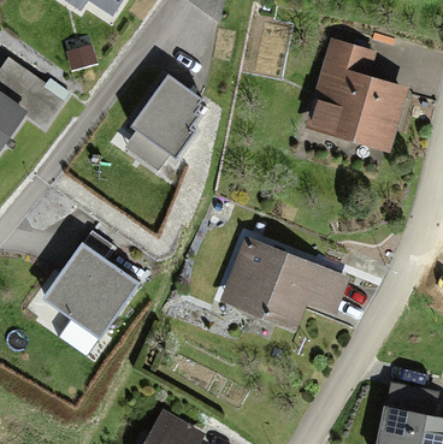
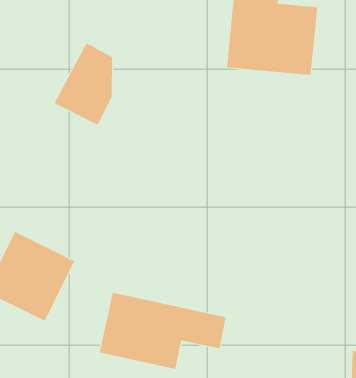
building: [220,237,347,320] -> [99,292,227,370]

